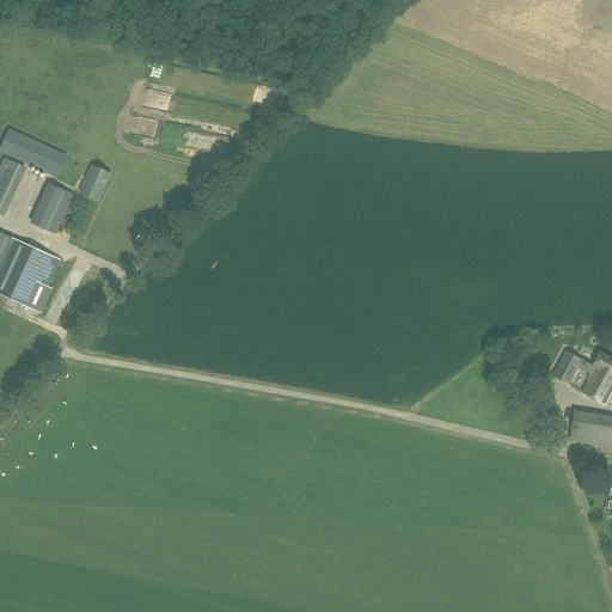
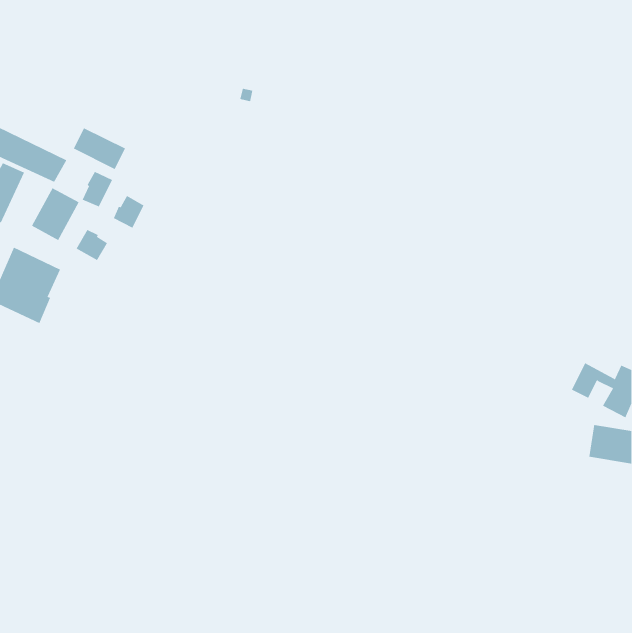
building: none -> [73,127,126,170]
building: none -> [113,195,144,229]
building: none -> [76,229,108,261]

